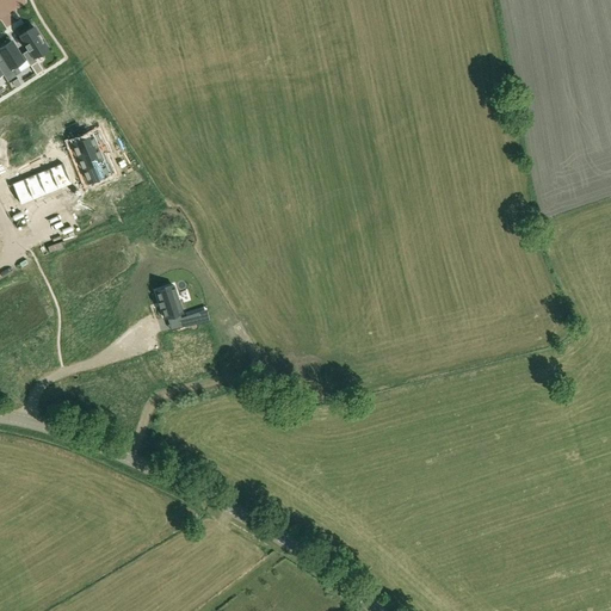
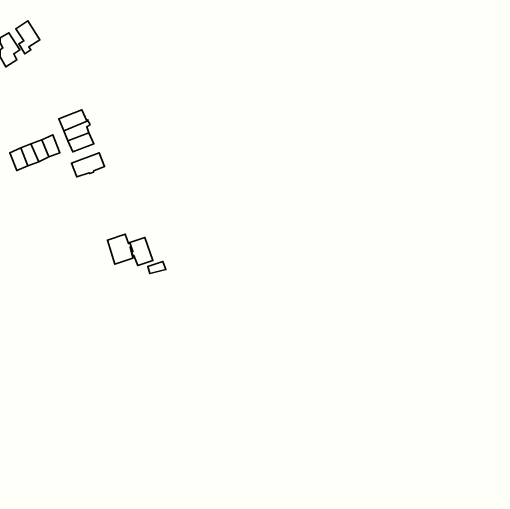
building: none -> [72,153,104,177]
building: none -> [107,234,133,264]

